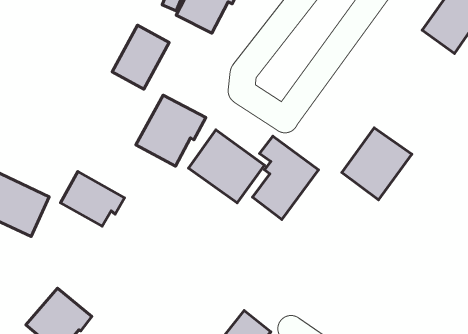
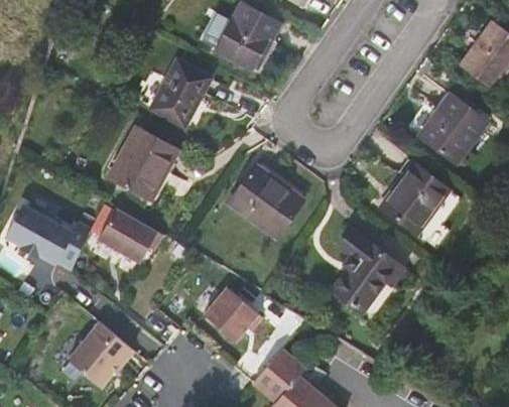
building: none -> [419,95,487,163]
building: [136,95,206,166] -> [108,128,177,198]
building: [252,136,318,220] -> [332,231,397,313]
building: none -> [203,287,261,341]

